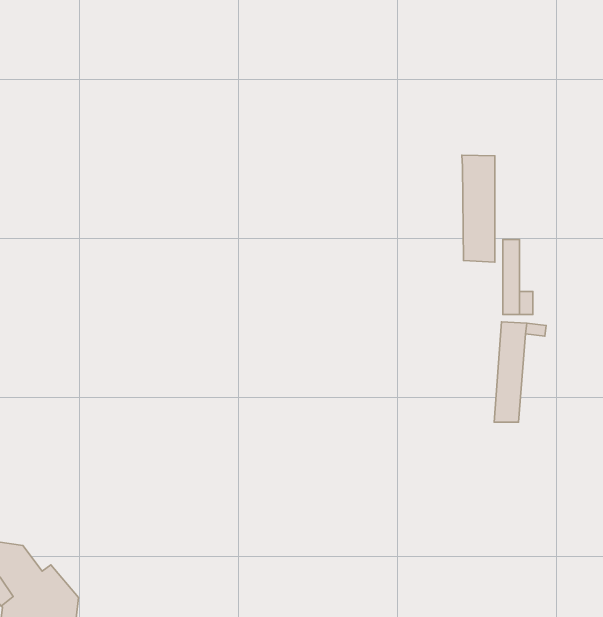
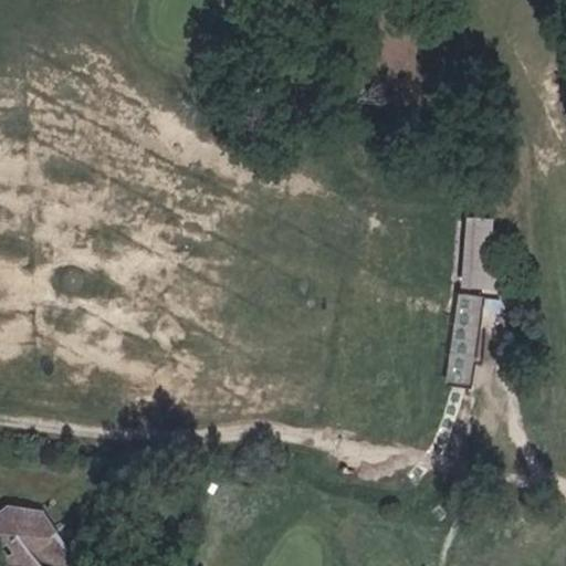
building: [462,155,495,262] -> none

